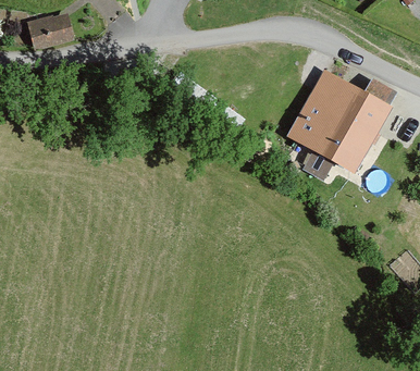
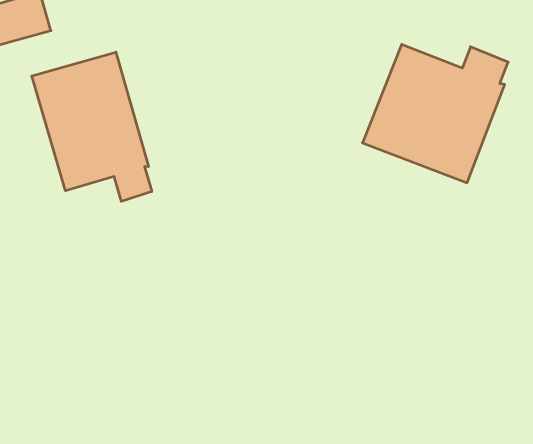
building: none -> [32,52,152,201]

